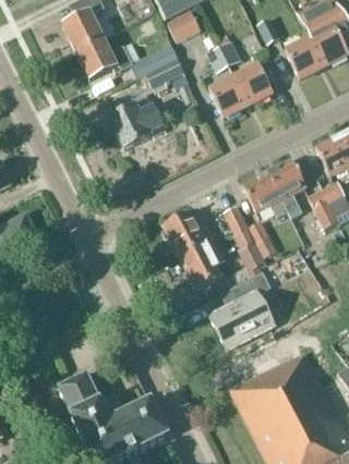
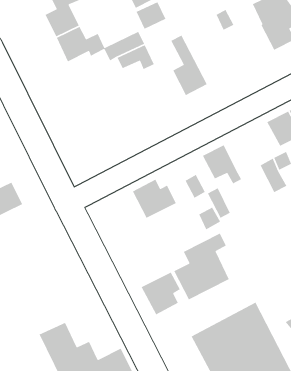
building: [284,37,324,78] -> none
building: [219,41,273,105] -> none
building: [109,93,164,148] -> none
building: [267,159,306,218] -> none
building: [179,240,225,290] -> [141,271,181,316]

